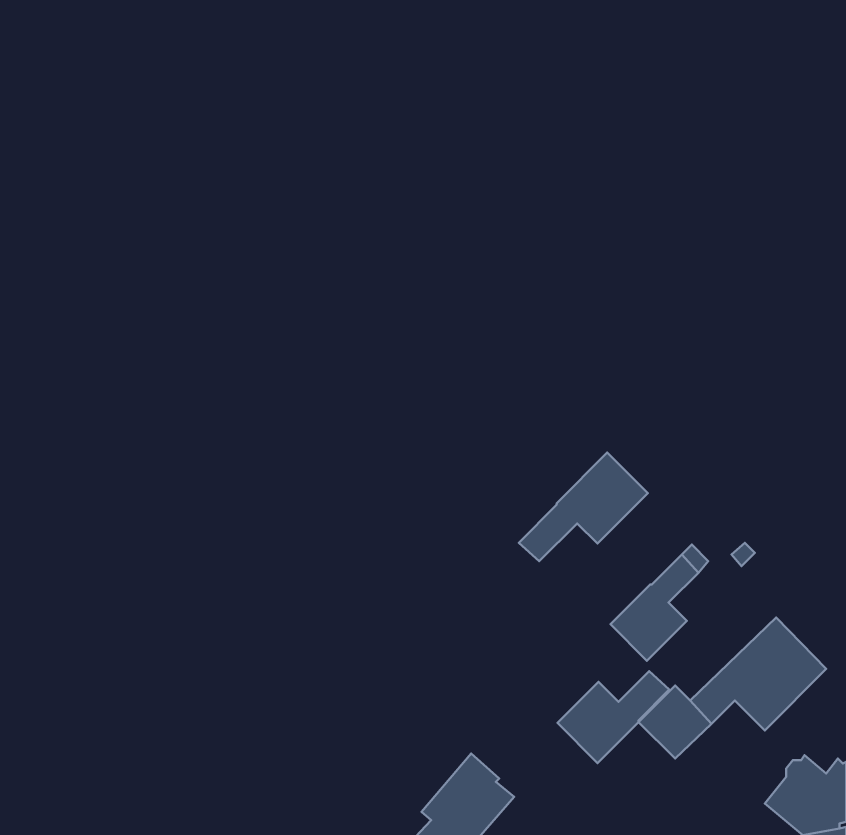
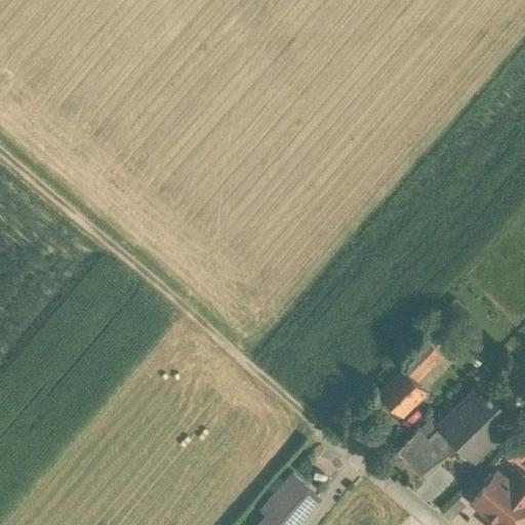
building: [519,452,648,561] -> none
building: [557,671,669,763] -> none

